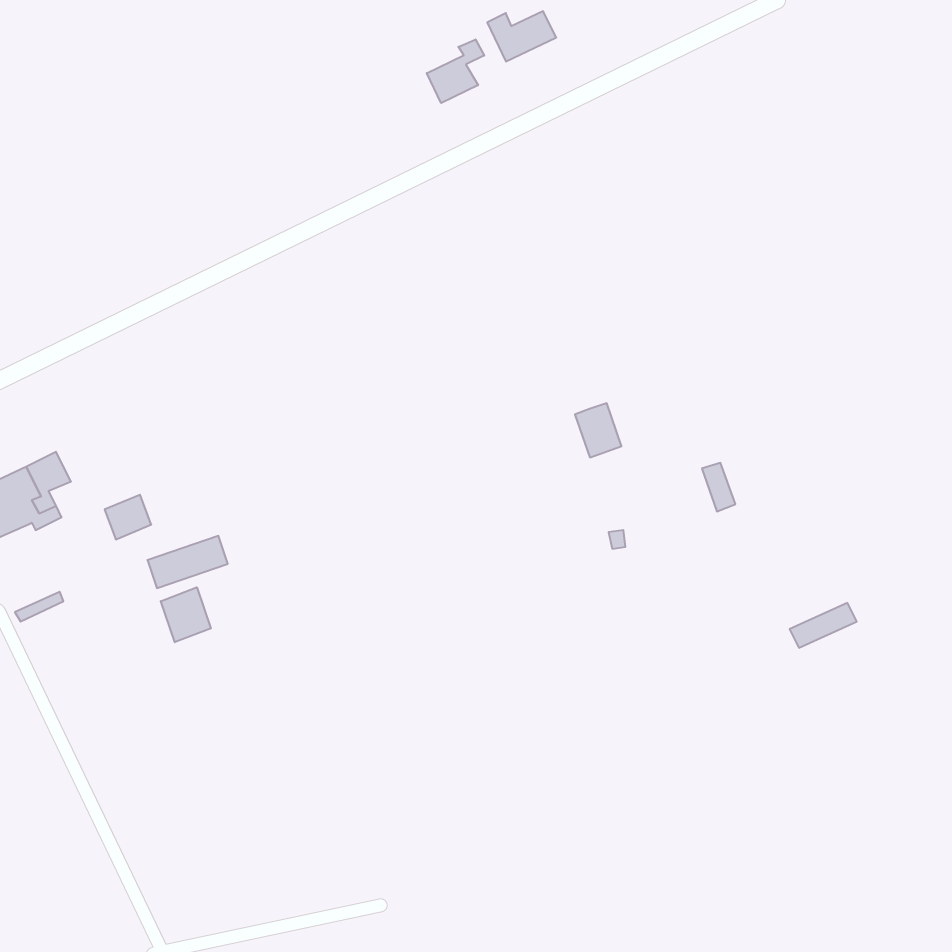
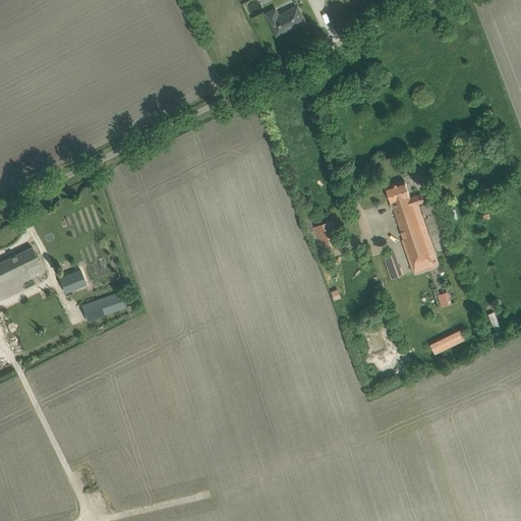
building: [427,39,484,103] -> none
building: none -> [385,181,438,272]
building: [161,587,211,642] -> none

